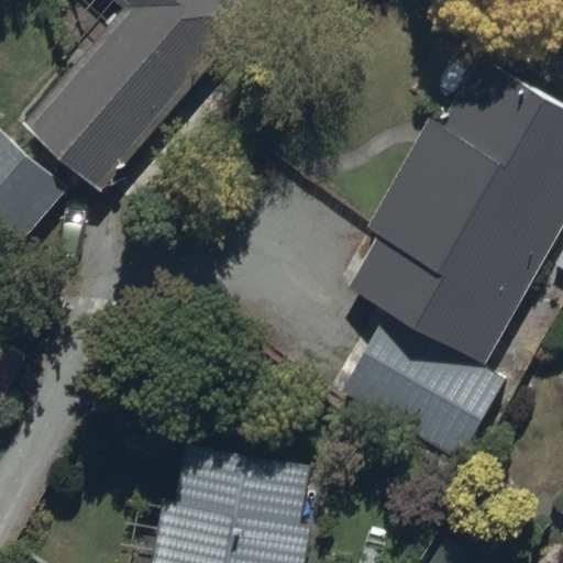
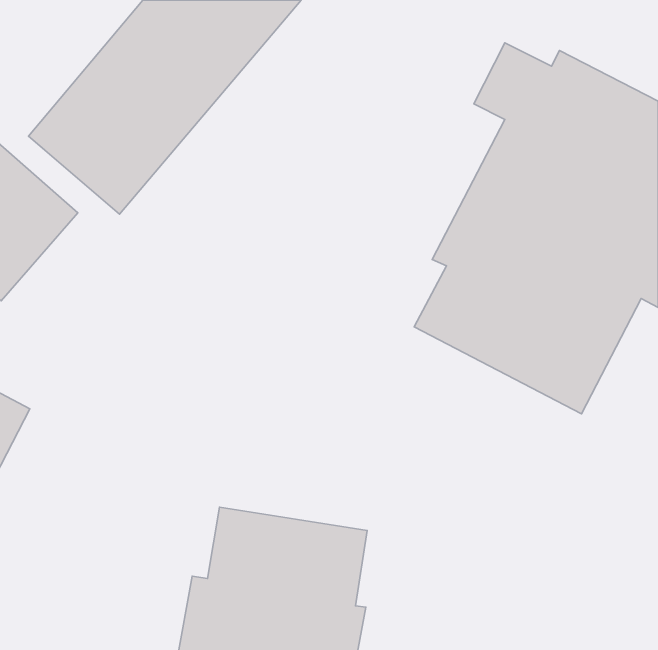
building: [338,316,507,461] -> none

